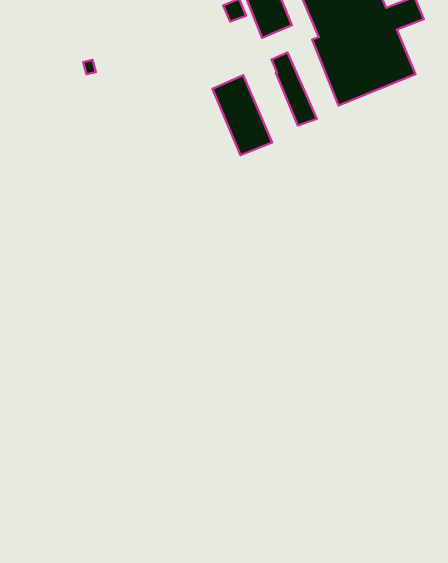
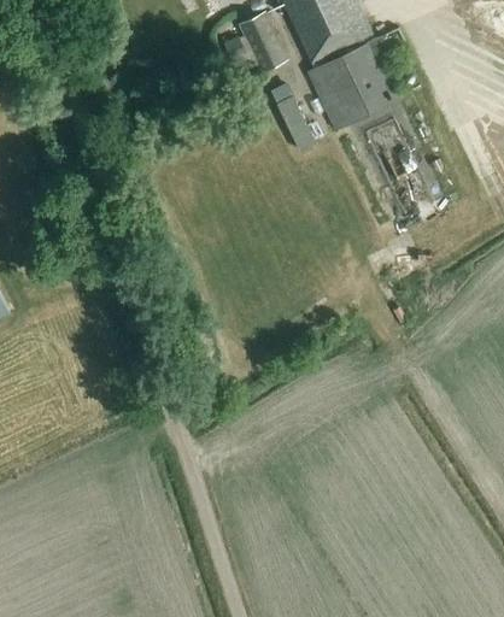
building: [213,75,272,155] -> none

